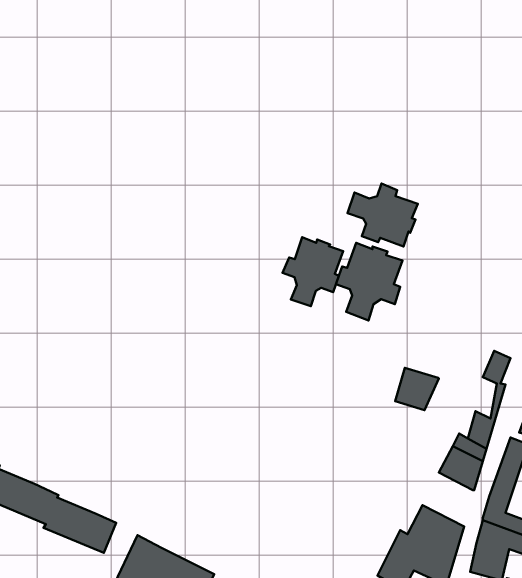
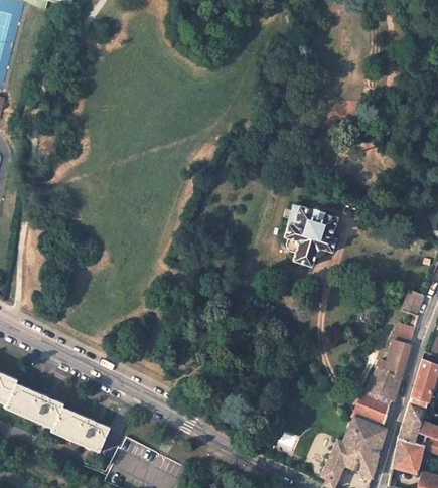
building: [348,184,418,246] -> none
building: [282,237,343,306] -> none
building: [395,368,439,410] -> none
building: none -> [353,387,394,431]

